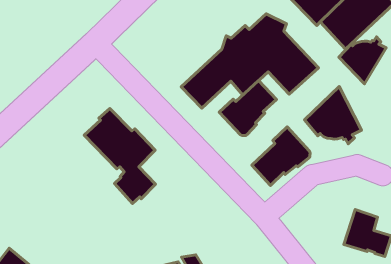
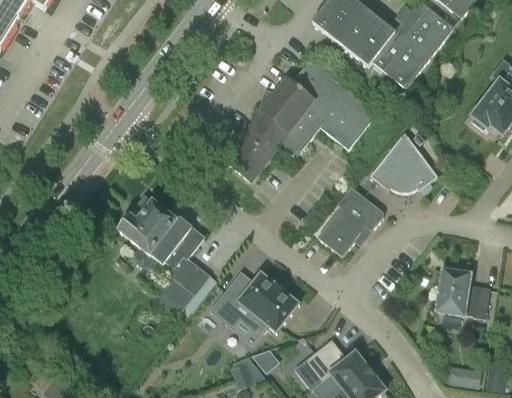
building: [339,37,386,84] -> none
building: [219,81,276,136] -> none
building: none -> [214,275,300,332]

